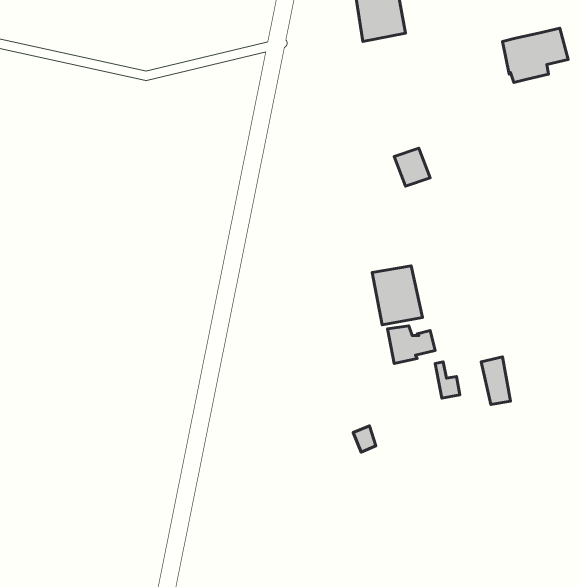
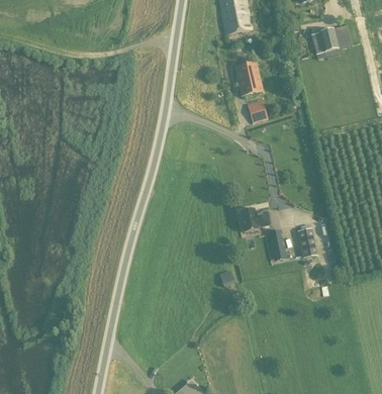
building: none -> [238,64,261,95]
building: [372,266,423,325] -> none

